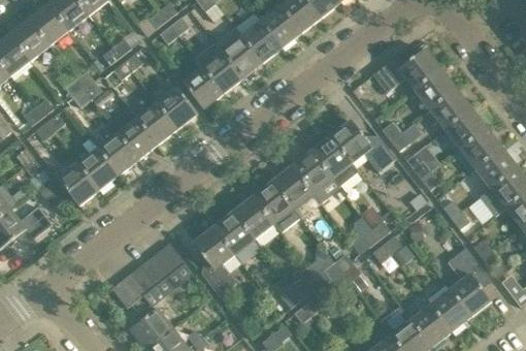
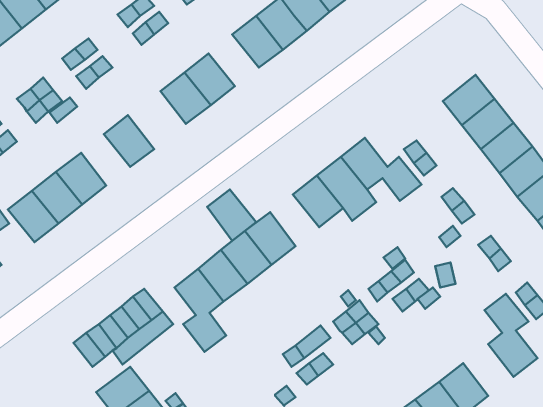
building: [215,27,263,77] -> none
building: [372,49,440,92] -> none
building: [156,86,197,129] -> none
building: [118,117,158,159] -> none
building: [272,166,313,209] -> [207,189,256,241]
building: [430,289,471,331] -> none

